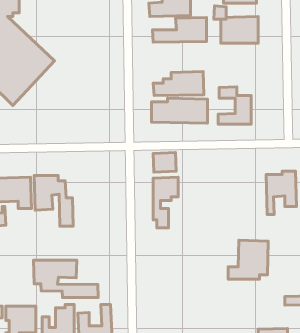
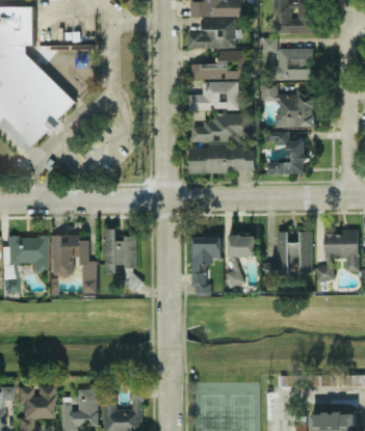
building: none -> [188,81,238,111]
building: none -> [262,84,315,128]
building: [153,153,176,172] -> [229,235,256,258]
building: none -> [104,228,137,273]
building: [228,240,268,279] -> [265,232,312,277]
building: [33,260,98,298] -> none

